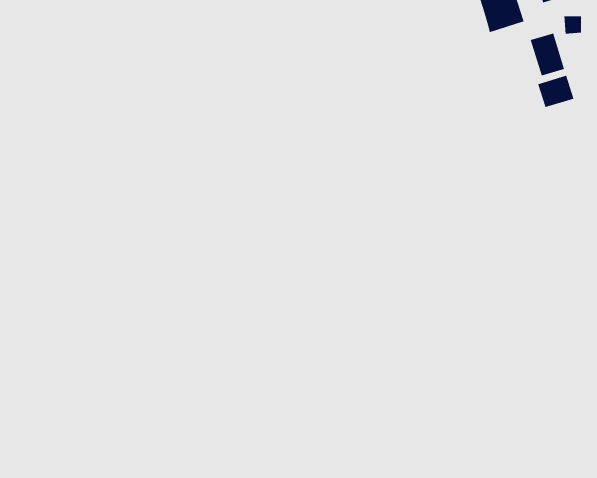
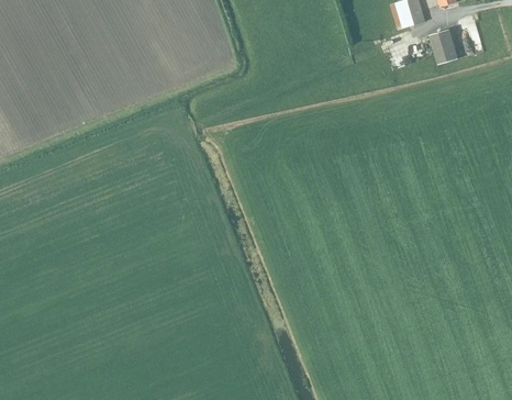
building: [538,75,574,108] -> none

